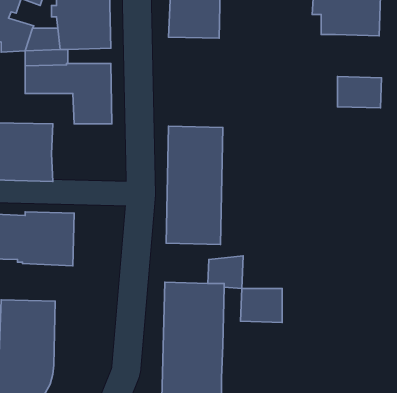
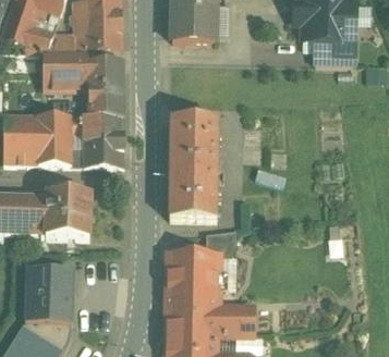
building: [338,77,382,108] -> [315,36,353,63]
building: none -> [70,113,123,163]
building: [240,289,282,323] -> [217,305,253,334]

